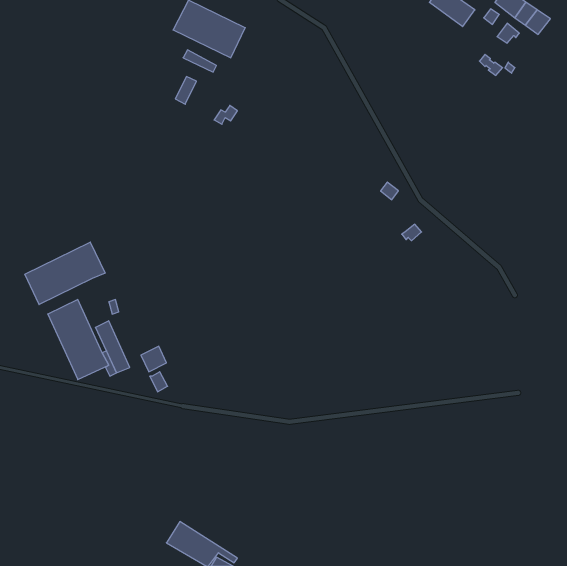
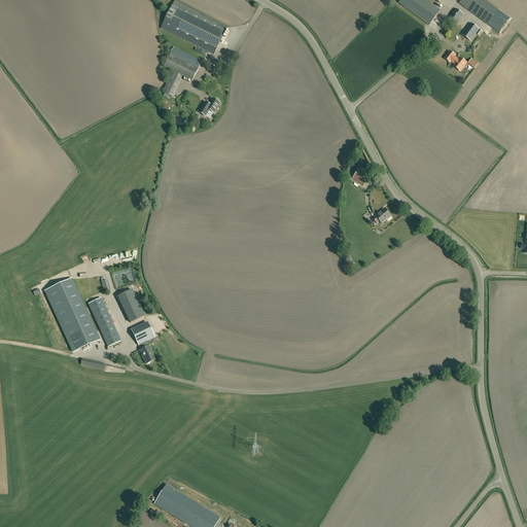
building: none -> [164,54,198,80]
building: [25,242,105,305] -> none
building: none -> [117,288,145,323]

